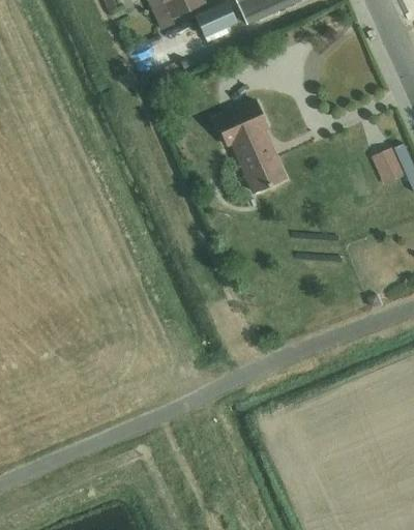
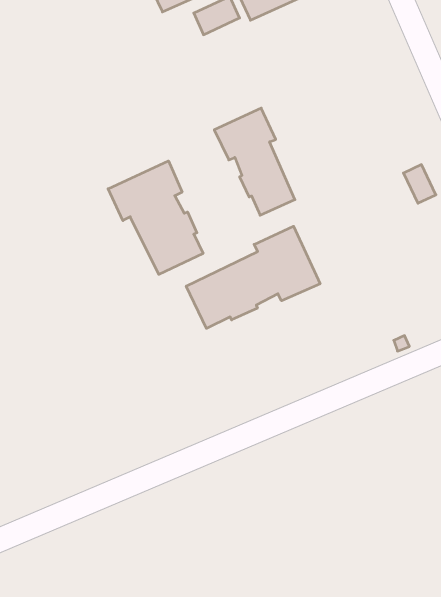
building: none -> [108,161,203,274]
building: none -> [186,226,320,328]

